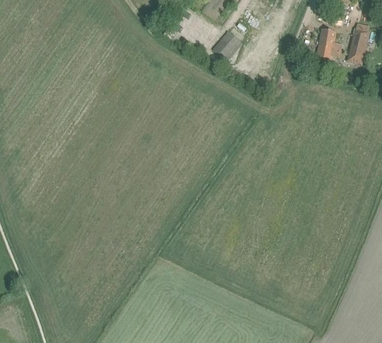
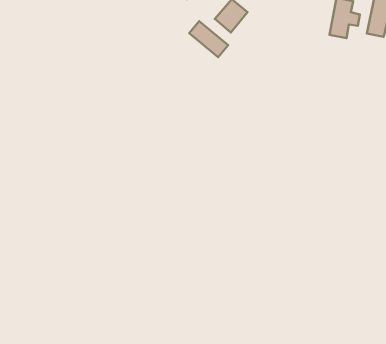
building: none -> [189,21,228,57]

